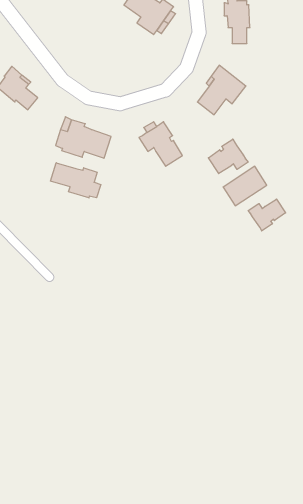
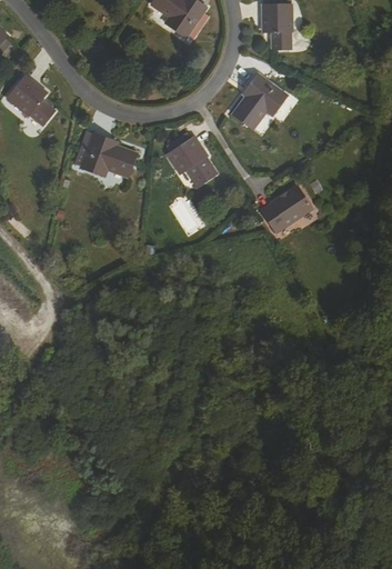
building: [208,139,248,174] -> none
building: [50,163,101,198] -> none
building: [248,199,286,231] -> none

